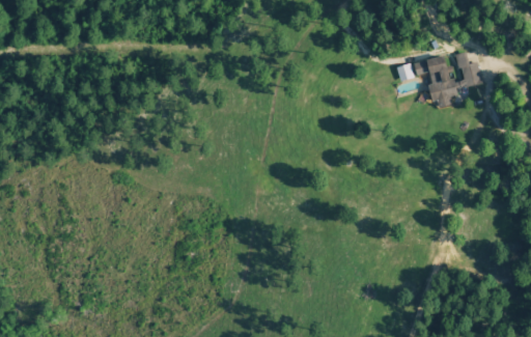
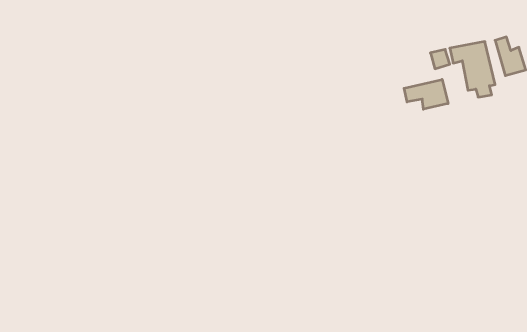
building: none -> [404,79,448,109]

